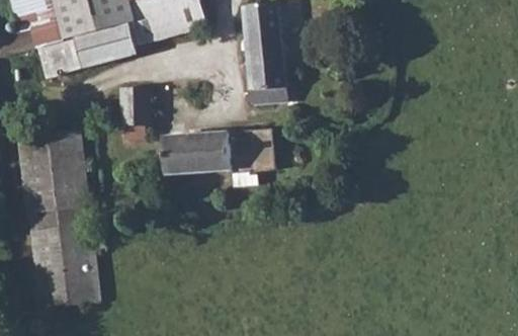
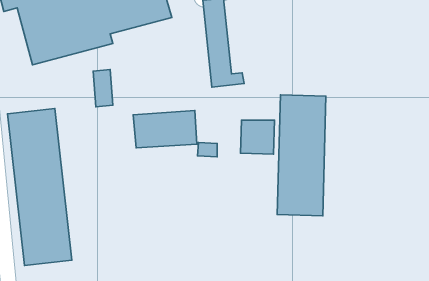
building: none -> [277,95,326,216]
building: [239,128,277,166] -> [240,120,274,154]

